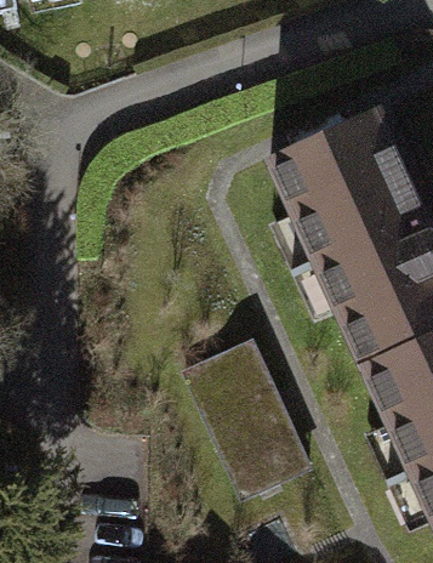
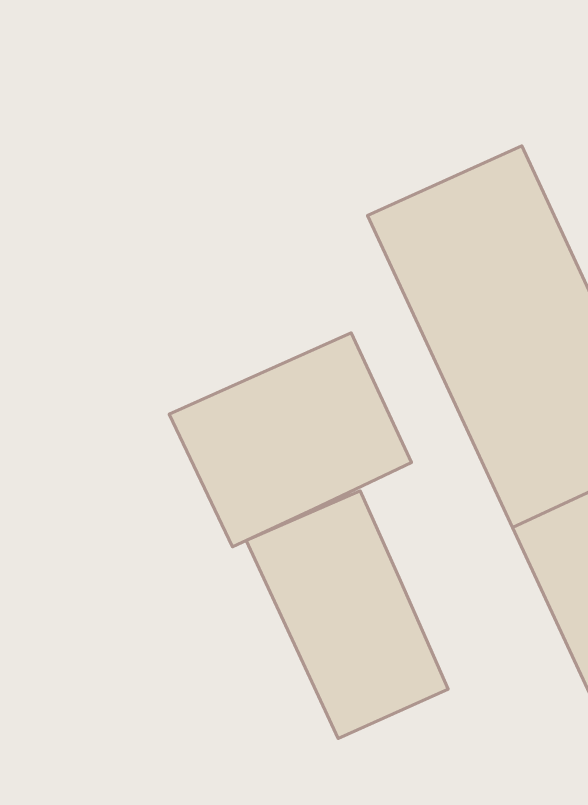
building: none -> [169,333,411,547]

